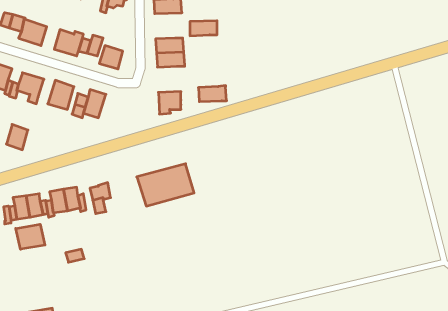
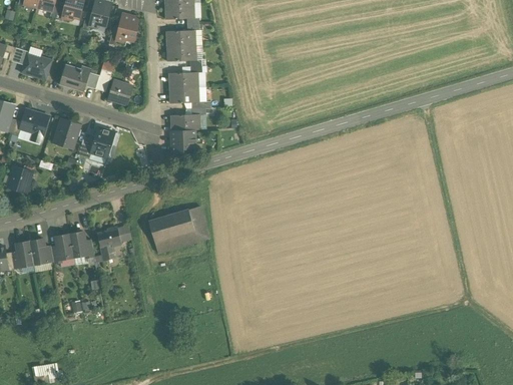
building: [190,21,217,36] -> [167,45,196,61]
building: [198,86,227,102] -> [170,113,200,130]
building: [16,224,45,249] -> none

